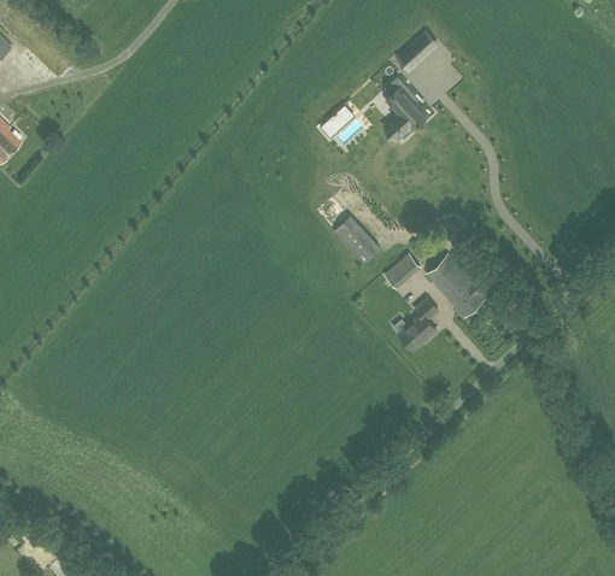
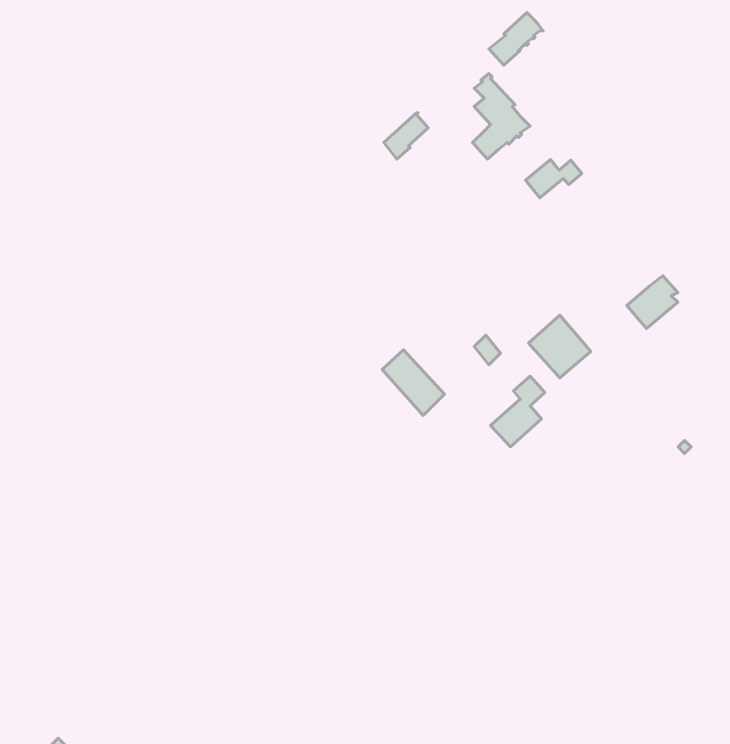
building: none -> [526,160,582,198]
building: [334,216,380,264] -> [382,350,445,416]
building: [450,277,487,316] -> [627,276,678,329]

